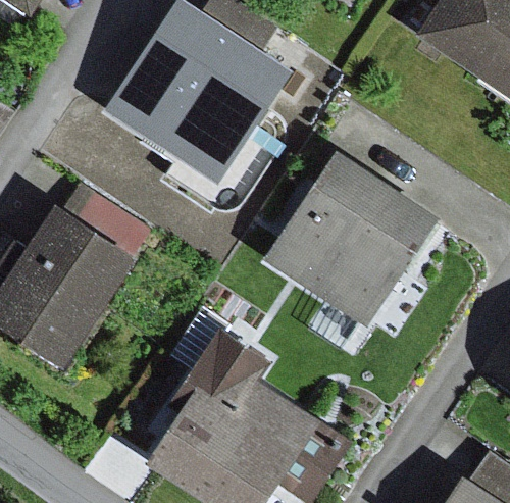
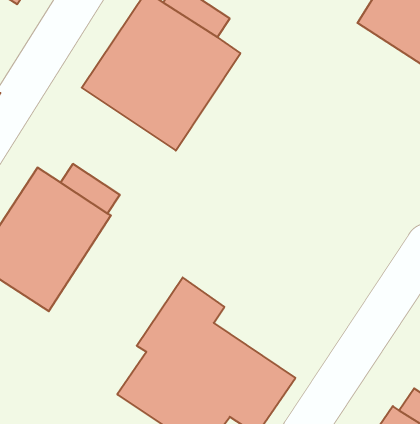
building: [264,150,437,324] -> none

